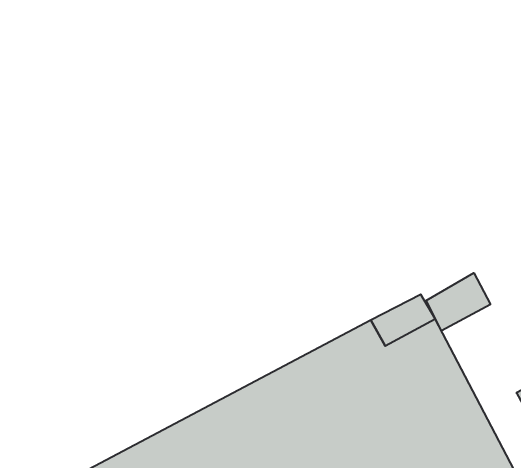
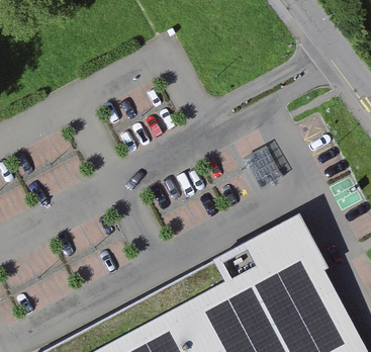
building: [426,273,490,331] -> none

